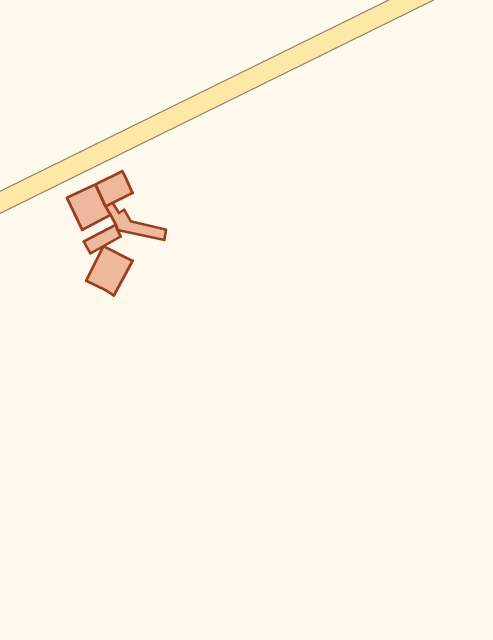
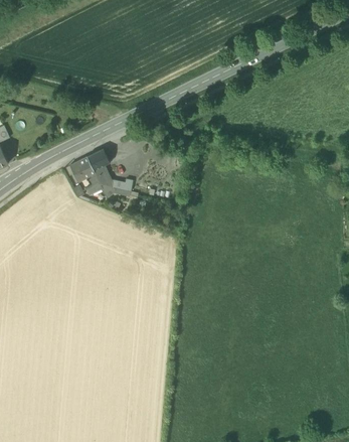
building: [86,246,133,296] -> none

